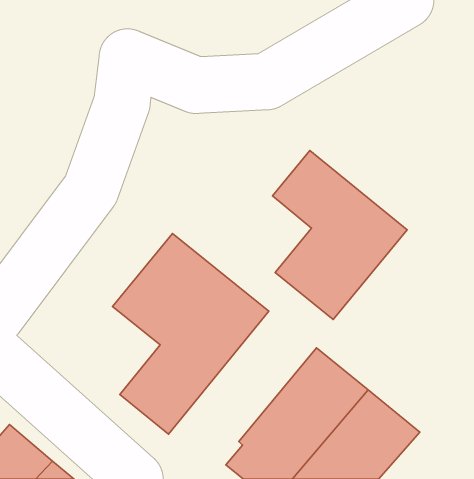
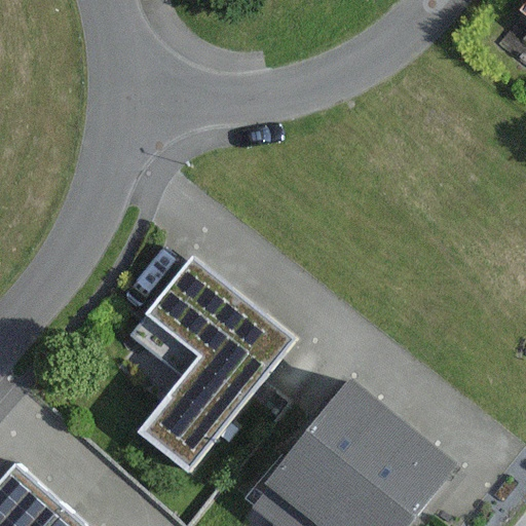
building: [273,151,407,320] -> none

